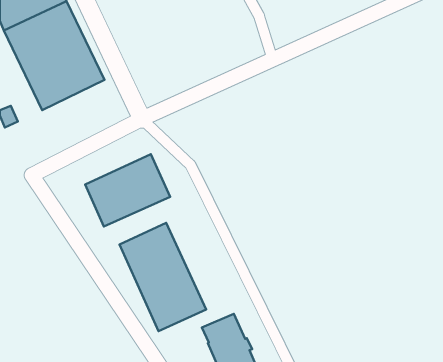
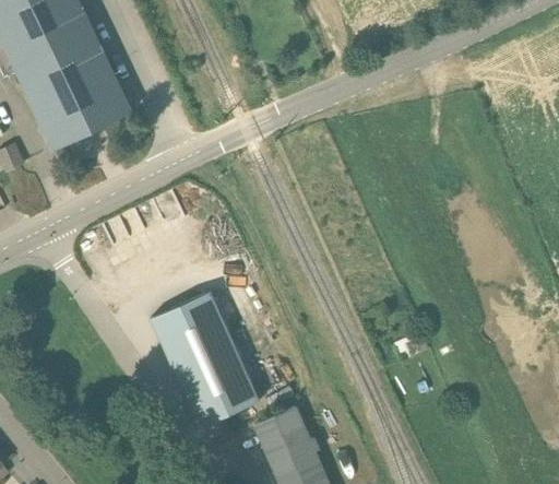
building: [85,154,170,227] -> none

